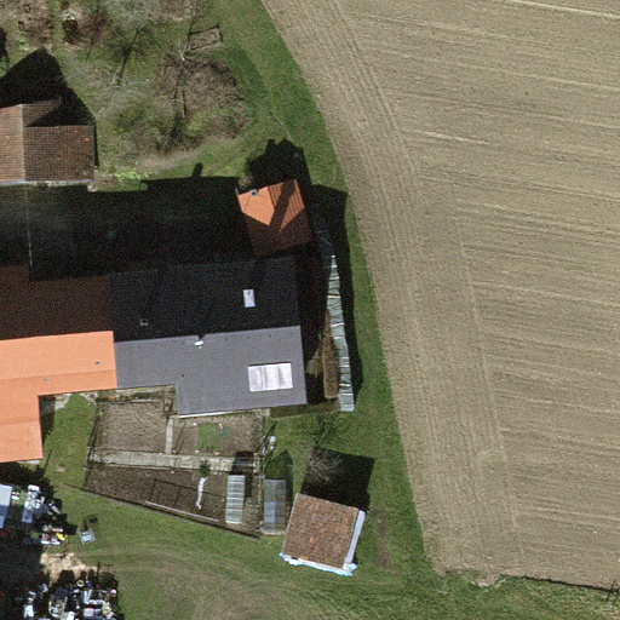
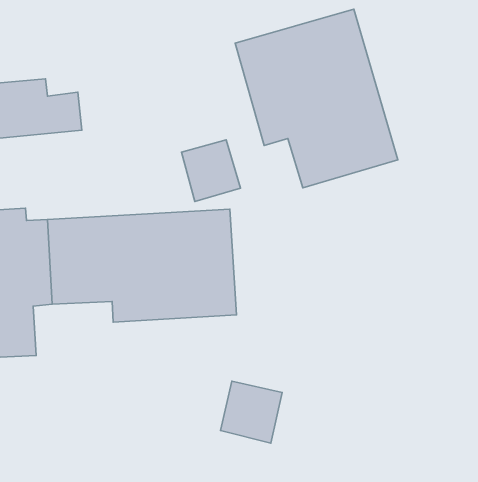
building: none -> [235,9,398,188]

